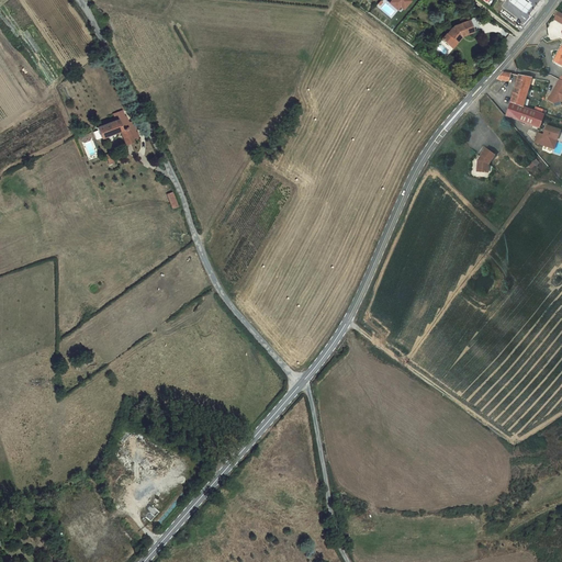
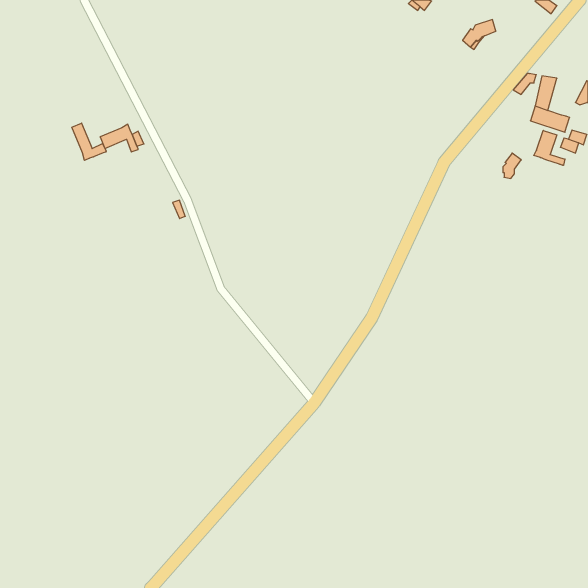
building: none -> [72,123,106,160]
building: none -> [534,130,565,165]

